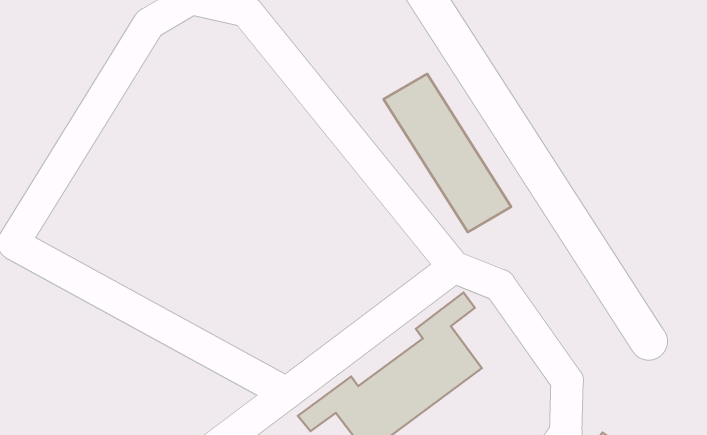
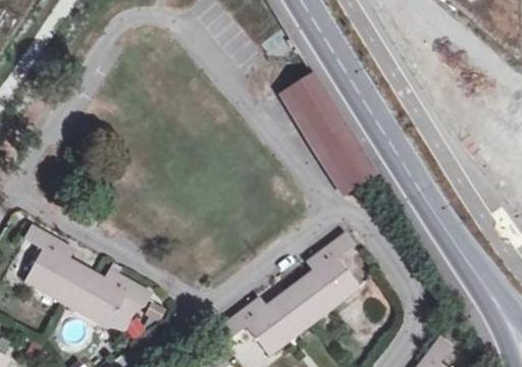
building: none -> [23,229,154,325]

